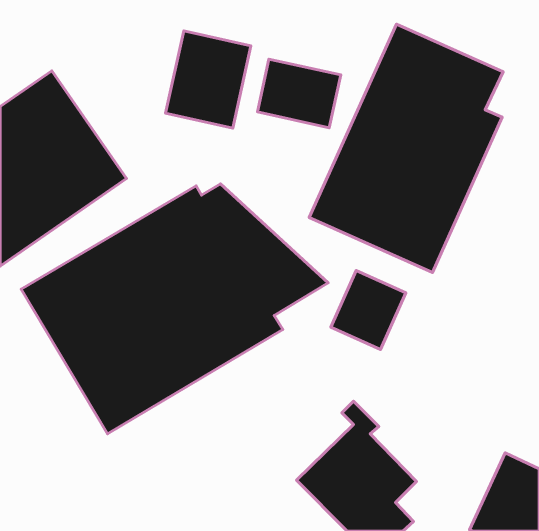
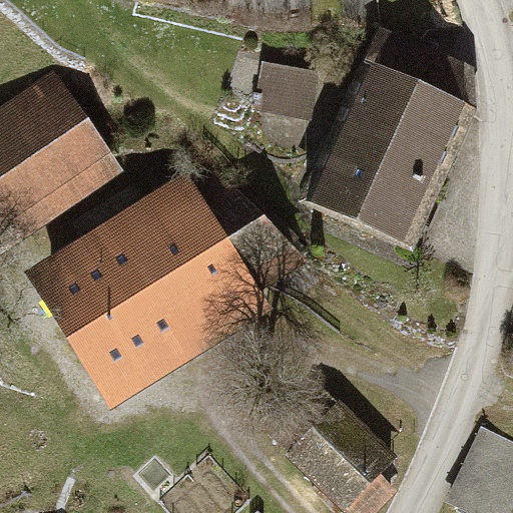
building: [166,31,251,128] -> none
building: [331,271,406,349] -> none

